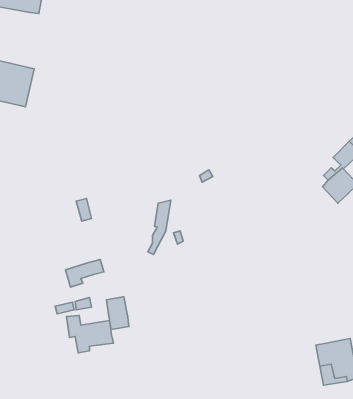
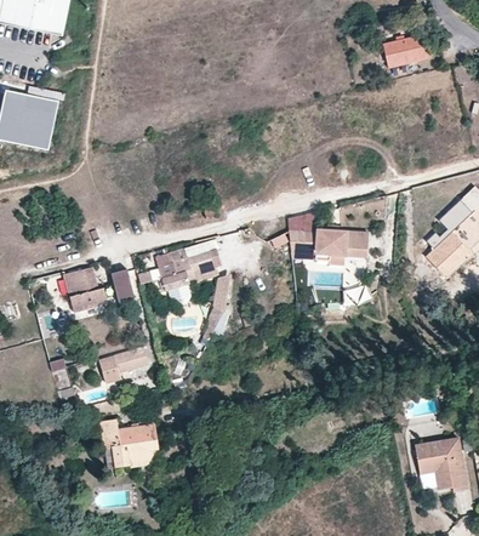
building: none -> [382,33,428,67]
building: none -> [289,228,367,258]
building: none -> [154,245,217,289]
building: none -> [62,267,106,312]
building: [106,297,129,329] -> none

